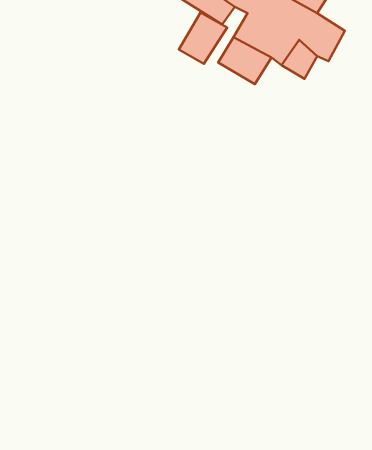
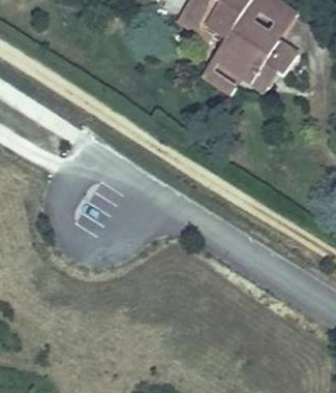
building: [179,13,227,64] -> none

